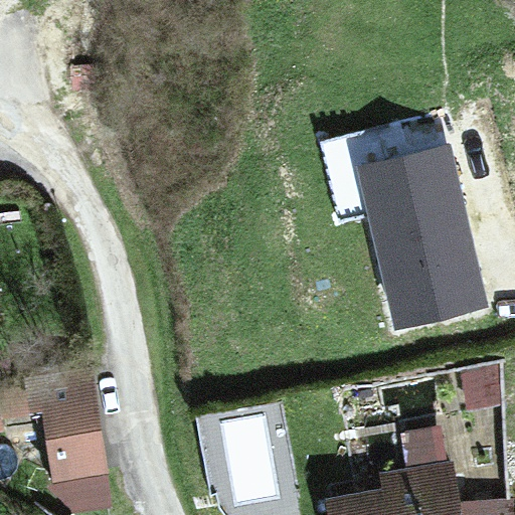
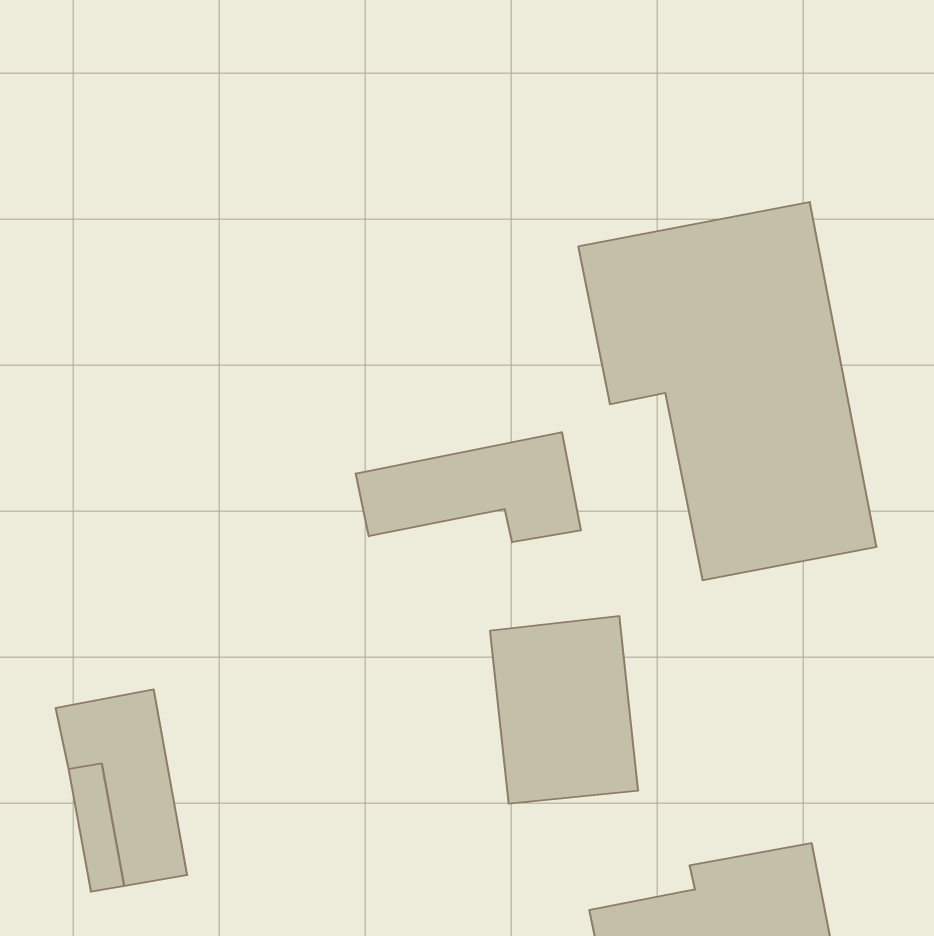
building: none -> [356,432,581,542]
building: [202,408,283,510] -> [490,616,638,803]

